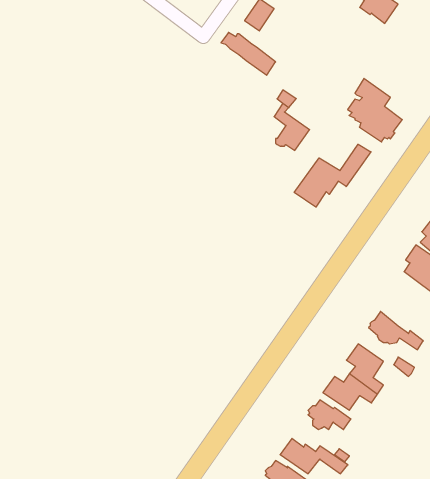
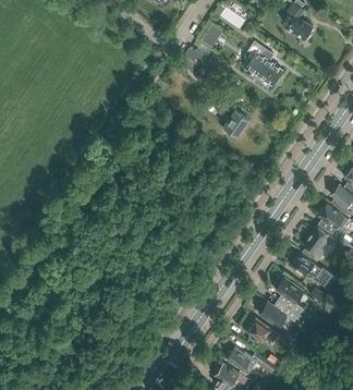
building: [348,78,402,142] -> [243,40,283,87]
building: [294,144,371,207] -> none
building: none -> [302,227,328,259]

